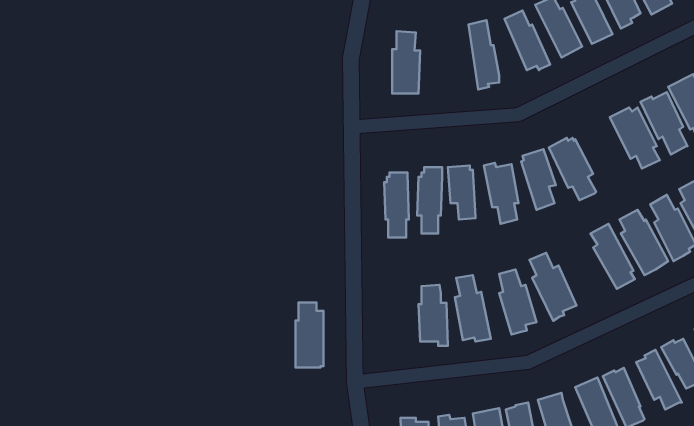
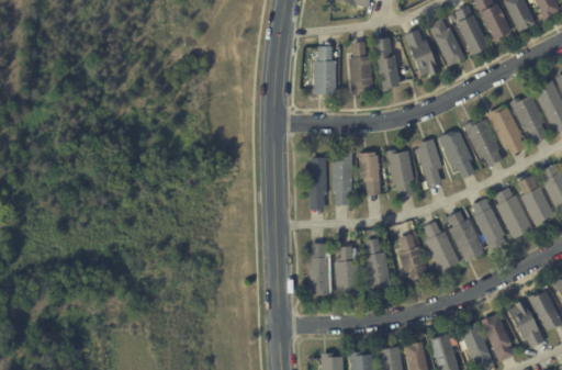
building: none -> [347,42,373,96]
building: none -> [463,120,503,167]
building: none -> [446,212,484,264]
building: [296,302,323,368] -> [308,245,330,296]

